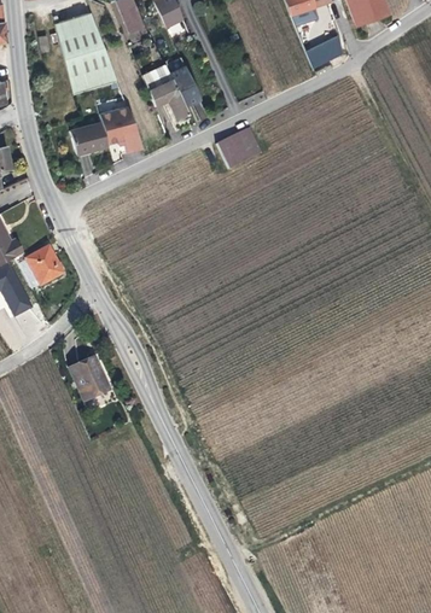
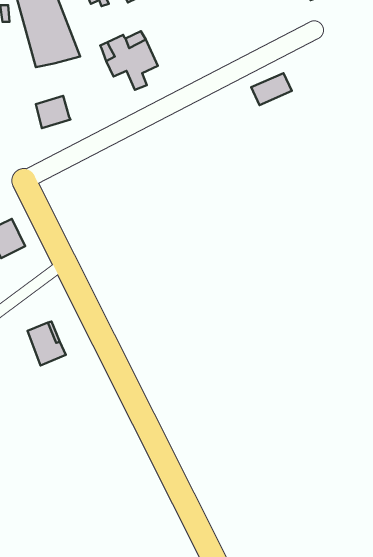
building: [308,34,349,66] -> [251,73,292,105]
building: [99,107,144,154] -> none
building: [215,132,250,169] -> none

